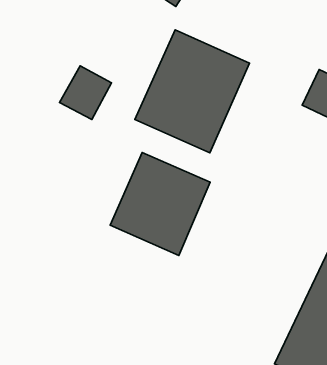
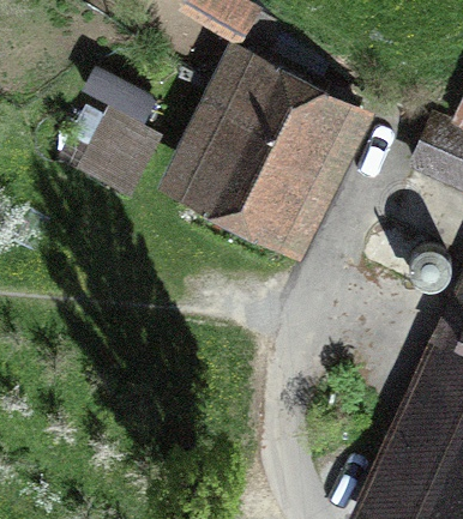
building: [110,153,210,256] -> none

